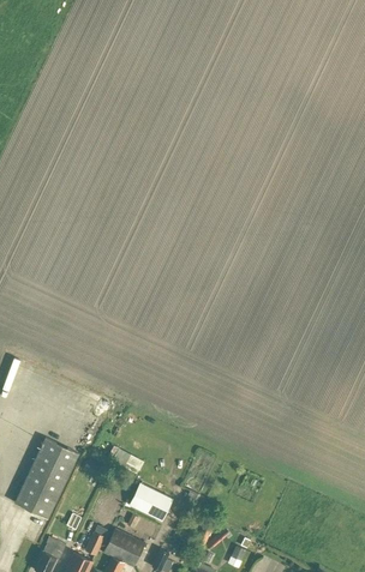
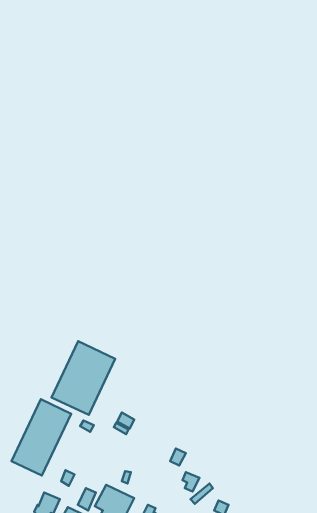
building: none -> [52,341,115,415]
building: [128,483,173,522] -> none

